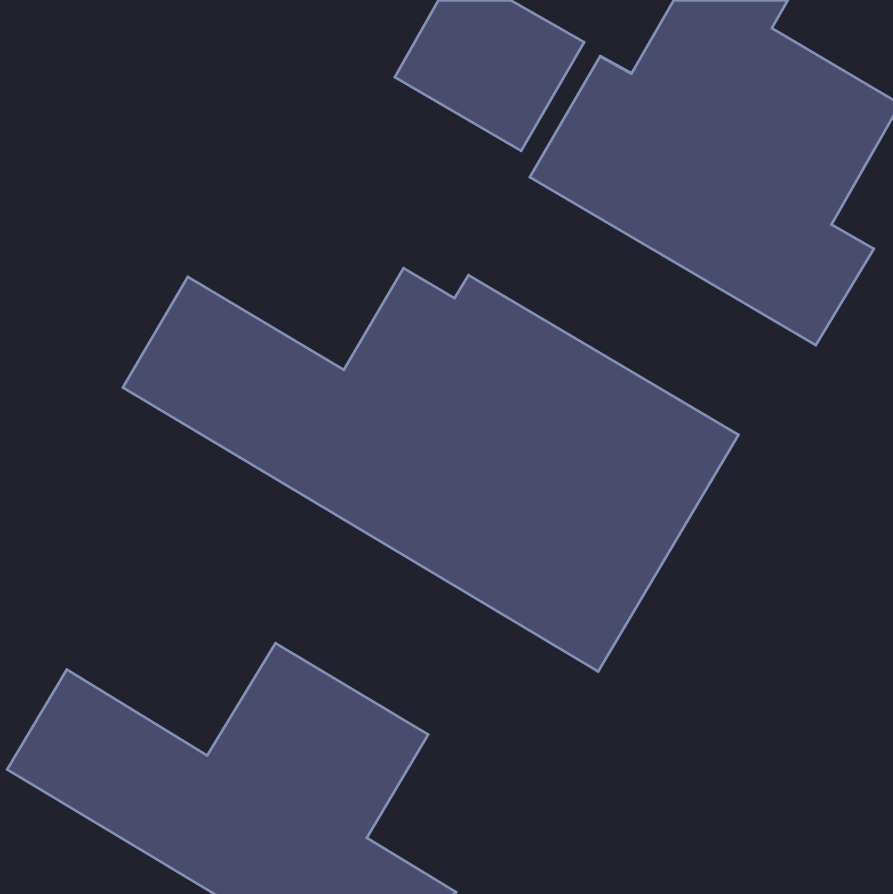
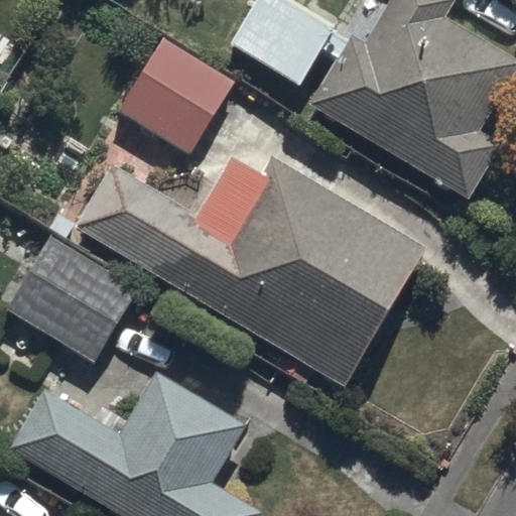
building: none -> [117,36,234,152]
building: none -> [6,234,139,362]

